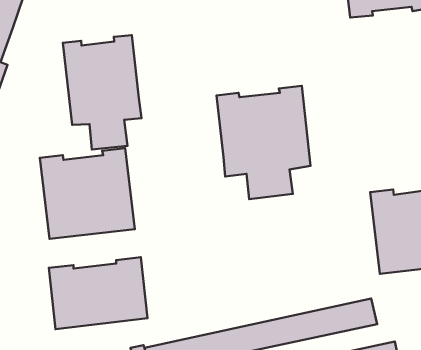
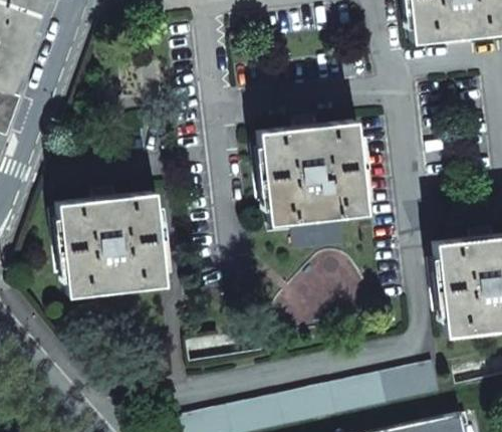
building: [63,35,141,149] -> none
building: [49,257,148,329] -> none

